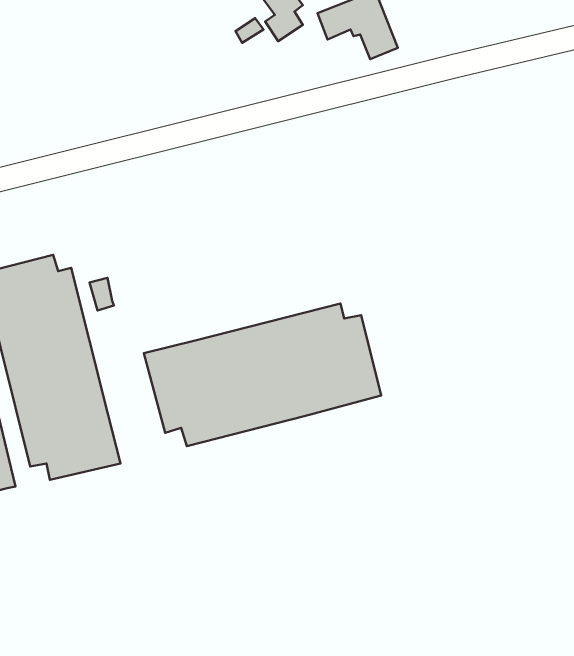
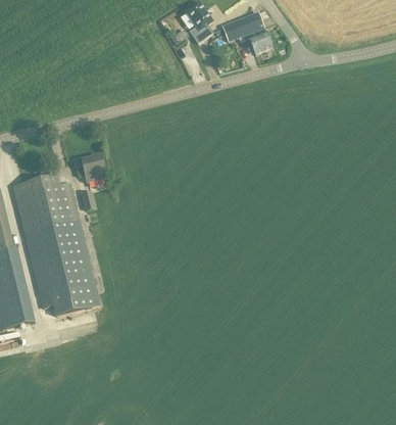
building: none -> [76,153,105,182]
building: [144,304,381,446] -> none

